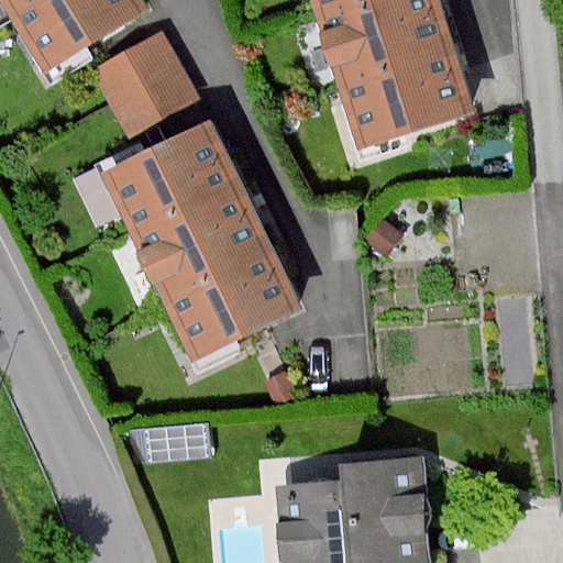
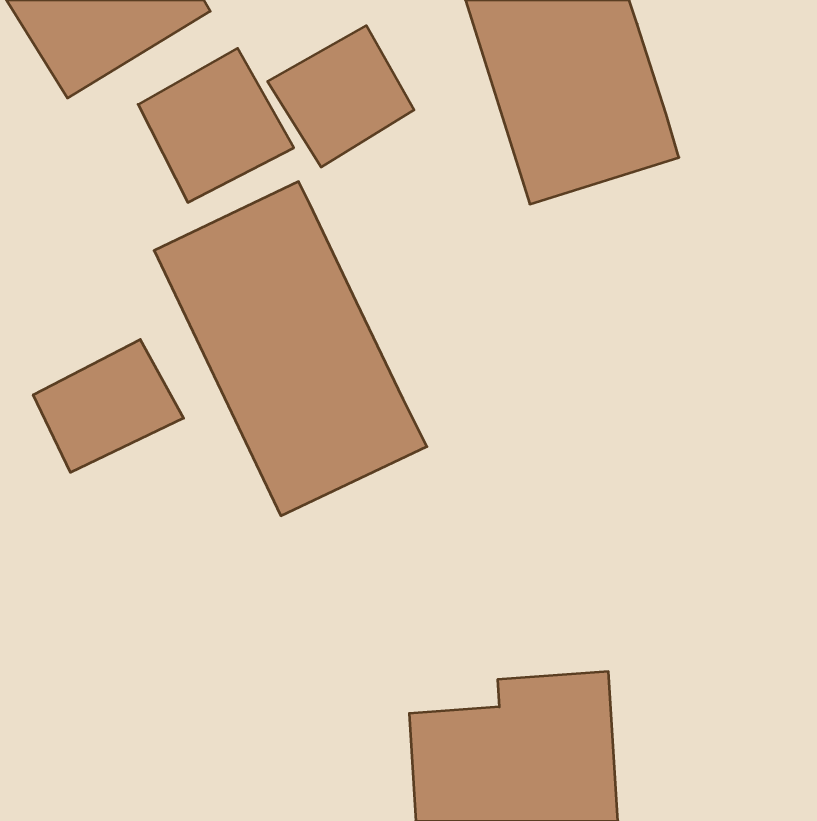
building: none -> [268,26,414,167]
building: none -> [33,339,184,472]

